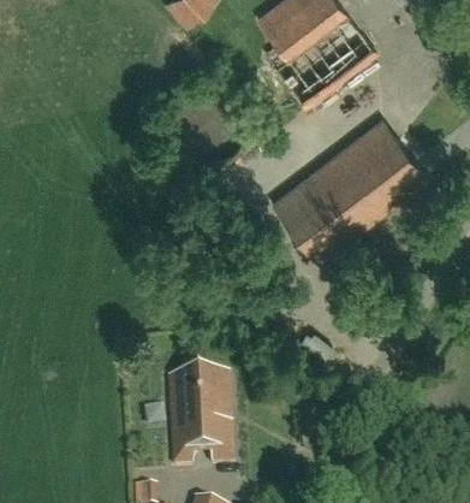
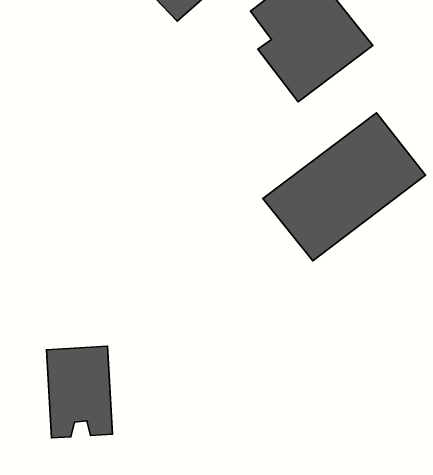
building: [169,372,234,462] -> [47,346,113,438]

